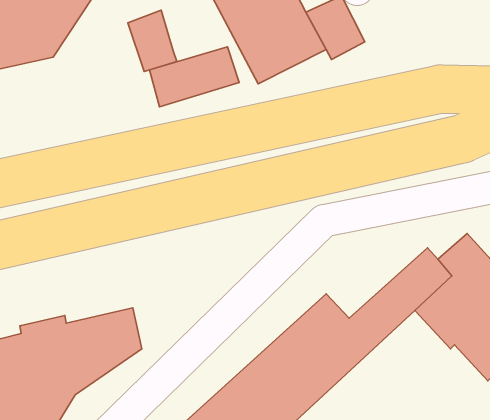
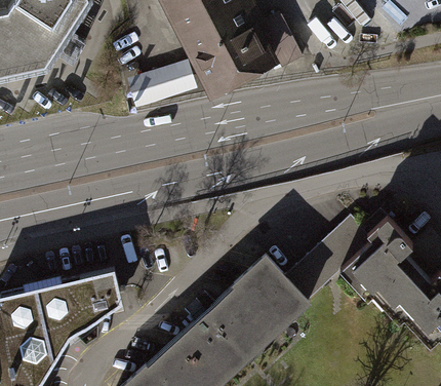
building: [128,10,177,71] -> none

